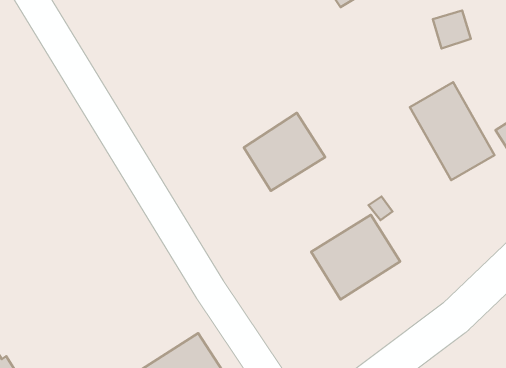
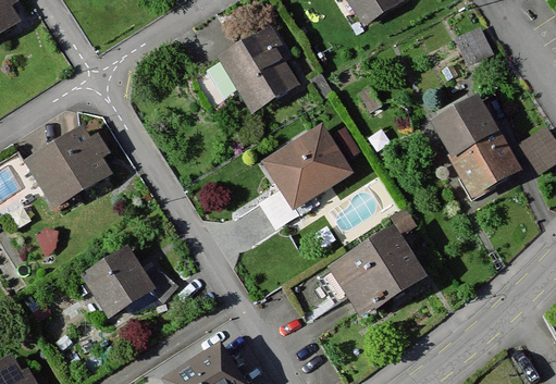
building: none -> [222,30,297,110]
building: none -> [34,135,111,208]
building: none -> [83,248,157,319]

